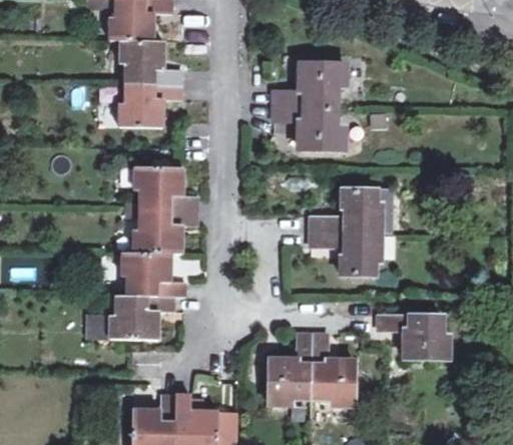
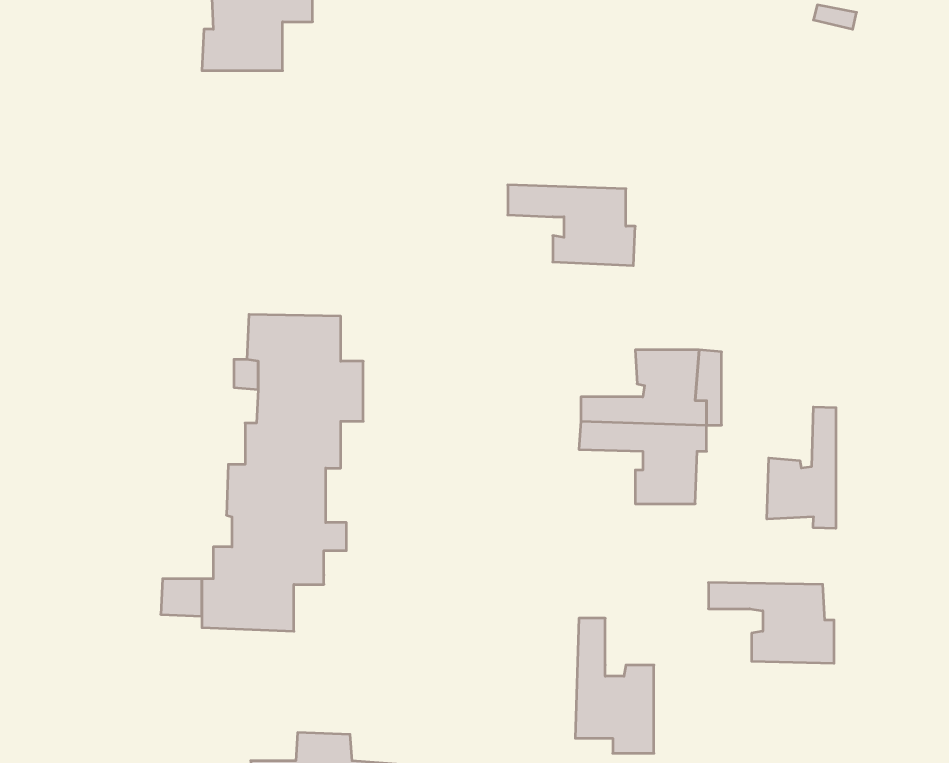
building: [118,41,179,125] -> none
building: [273,60,341,104] -> none
building: none -> [767,407,836,528]
building: [269,334,311,405] -> none

